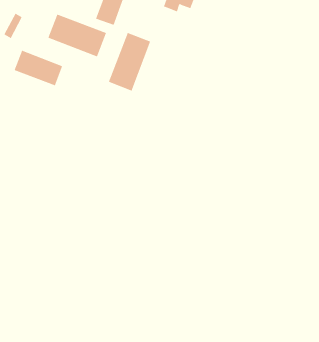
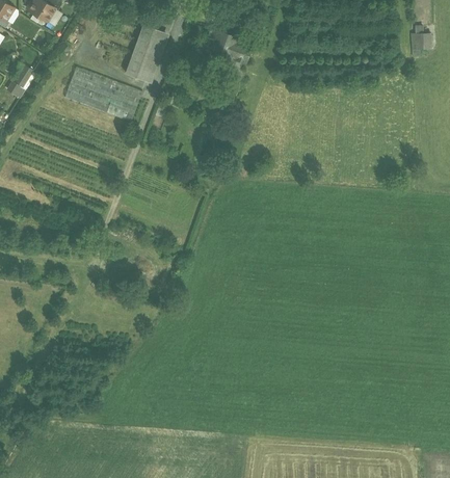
building: [108,32,151,91] -> none
building: [14,50,63,86] -> none

